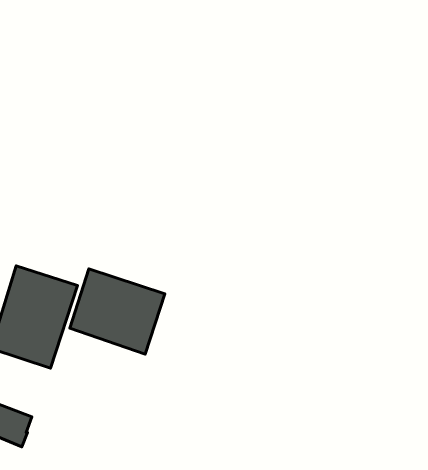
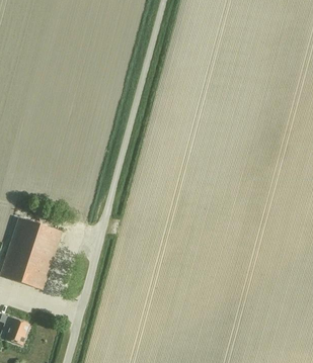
building: [70,269,165,354] -> none

